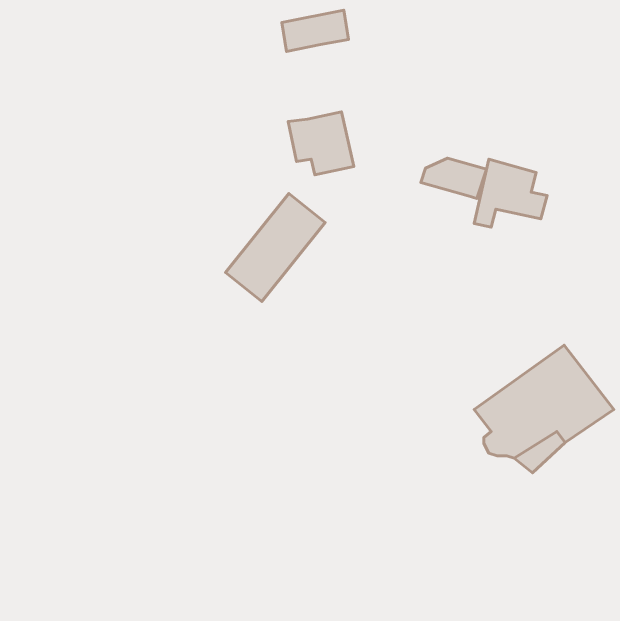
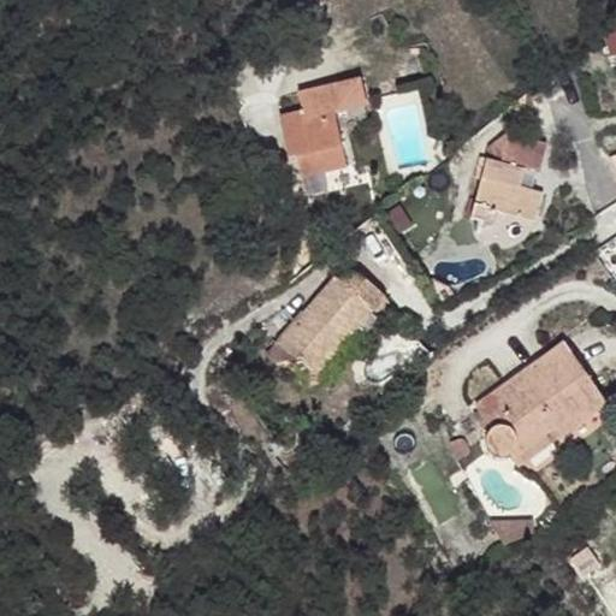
building: [282,10,349,52] -> [300,77,366,118]
building: [421,158,486,198] -> [484,134,549,173]
building: [226,193,325,302] -> [277,267,375,374]

